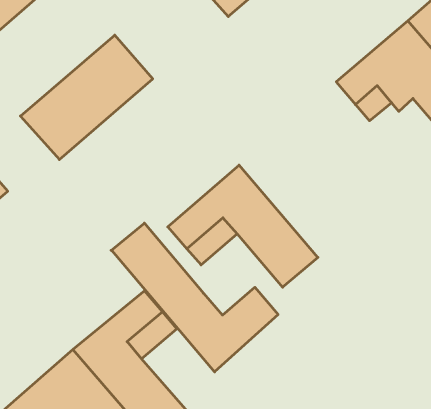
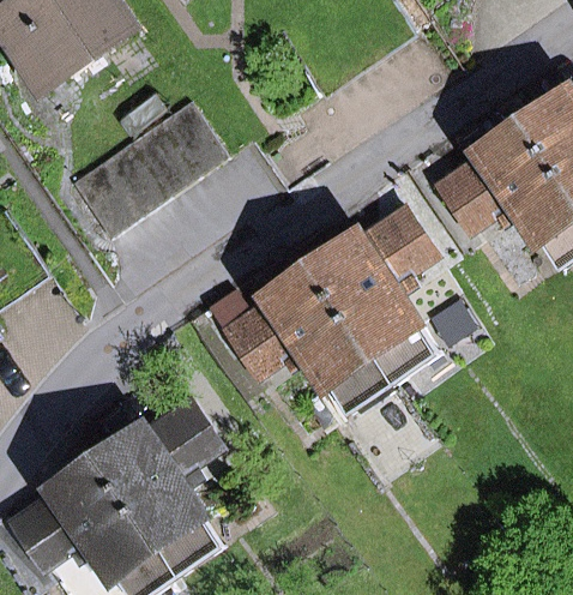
building: none -> [312,204,435,380]
building: [111,223,278,372] -> none

